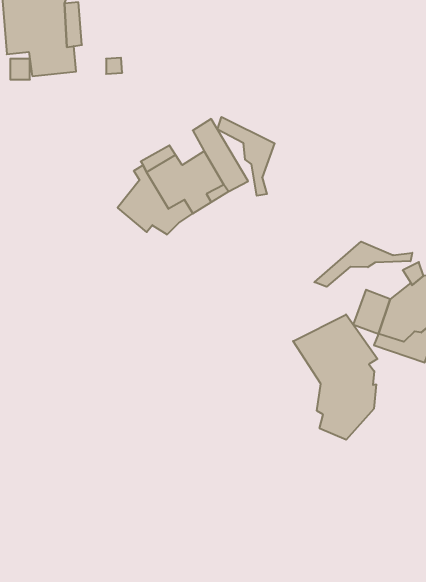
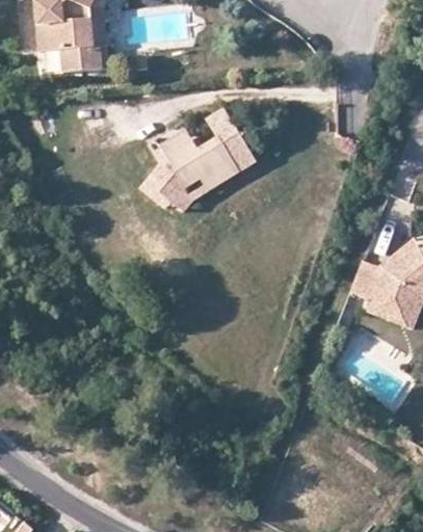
building: [217,117,275,196] -> none
building: [314,242,412,287] -> none
building: [293,314,377,440] -> none

